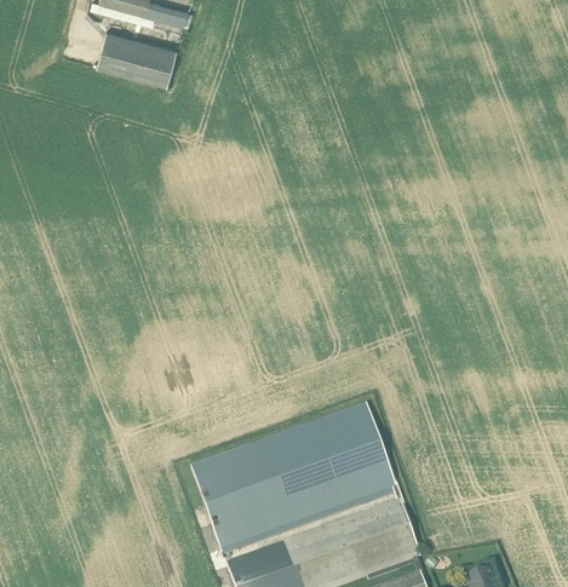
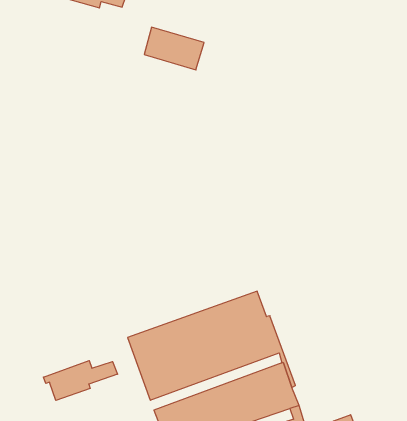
building: [97,30,177,87] -> [144,27,204,70]
building: none -> [43,361,118,400]

